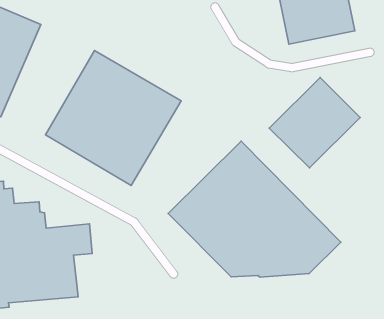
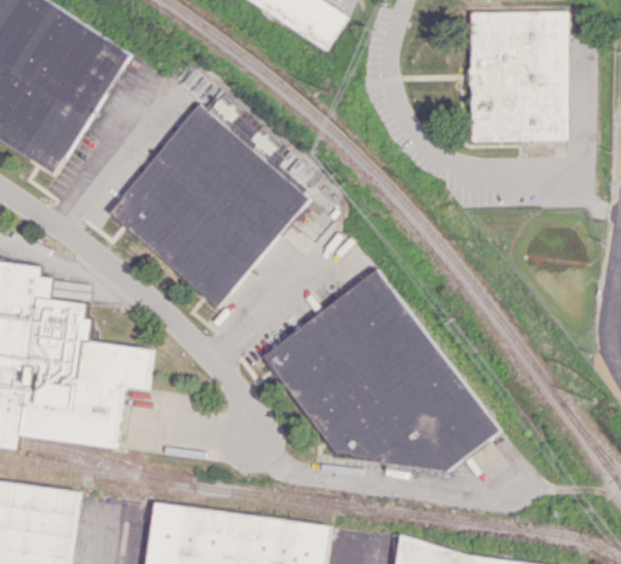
building: [269,78,360,168] -> none

